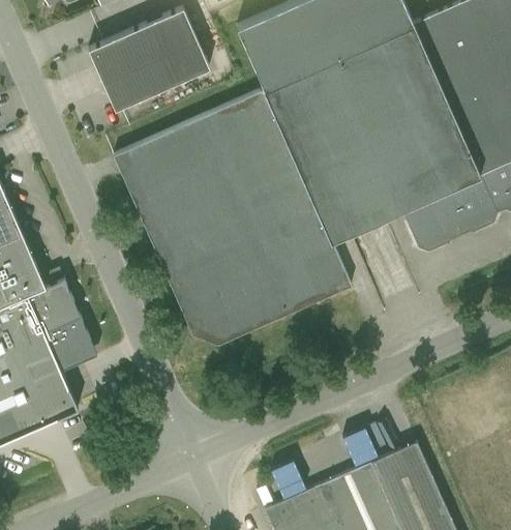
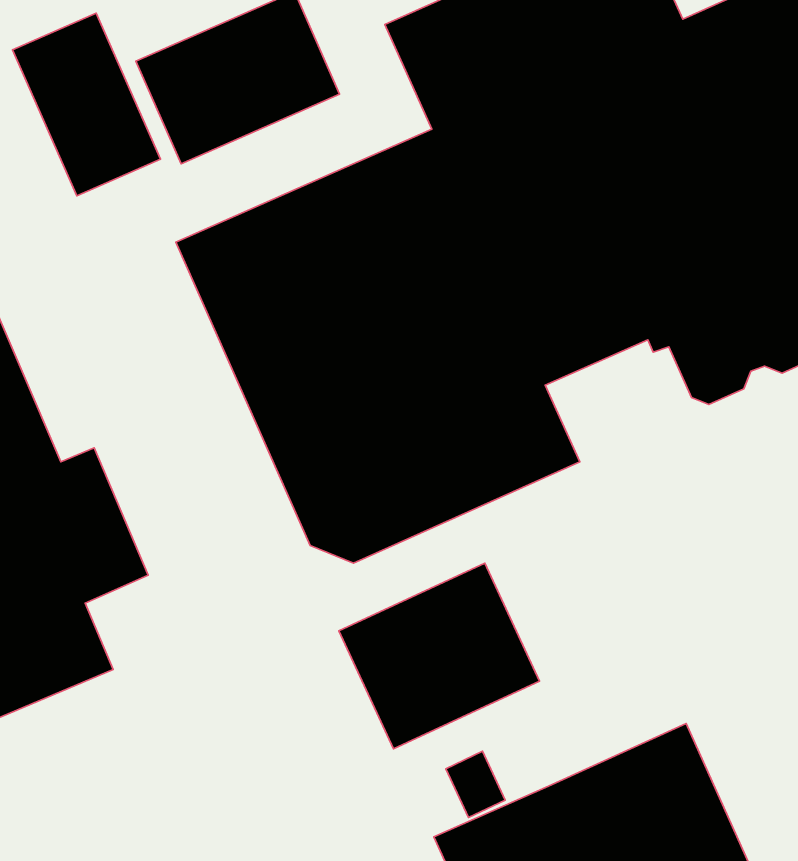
building: none -> [13,13,160,196]
building: none -> [339,563,539,749]

